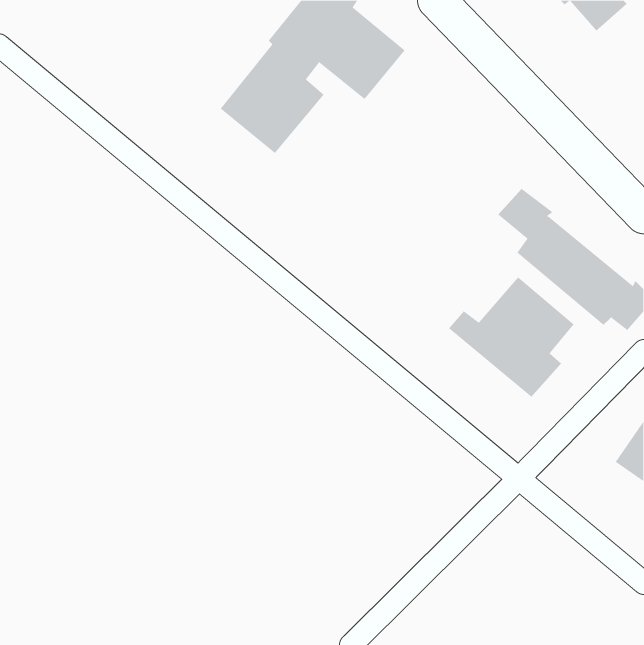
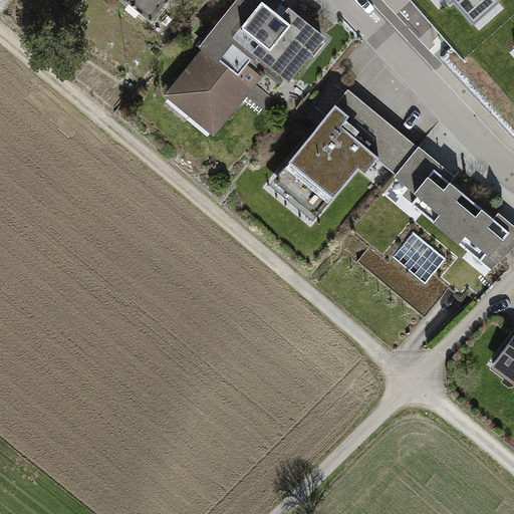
building: none -> [278,104,415,210]

